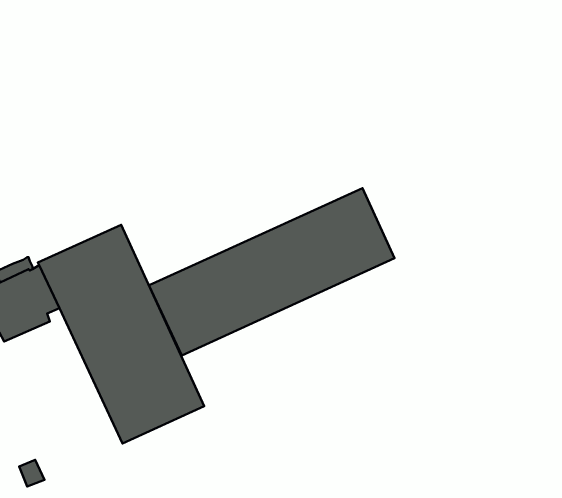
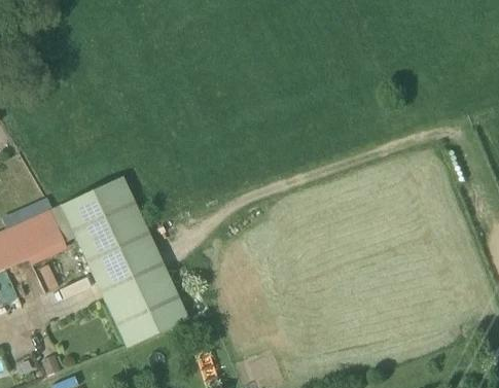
building: [149,188,394,356] -> none

